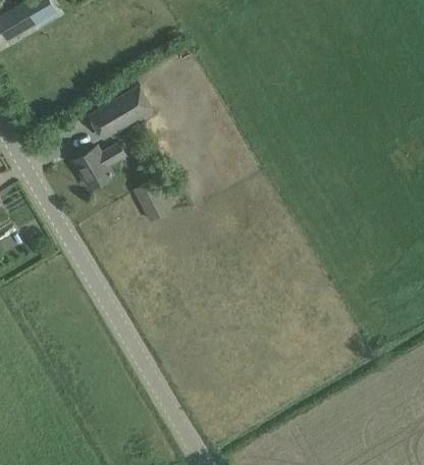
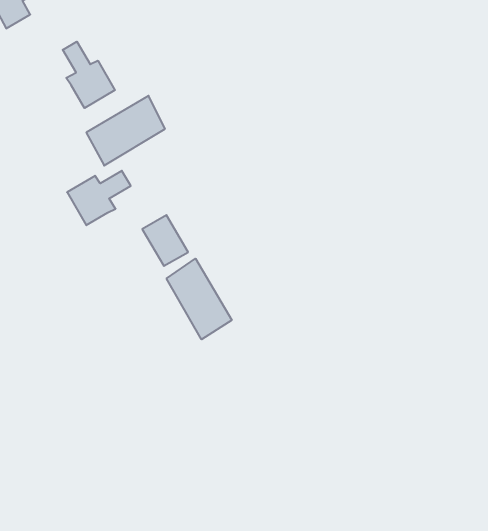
building: none -> [63,42,115,108]
building: none -> [167,259,232,339]

